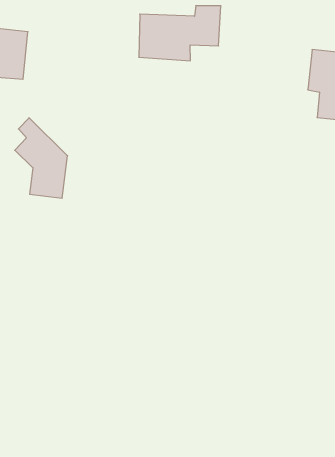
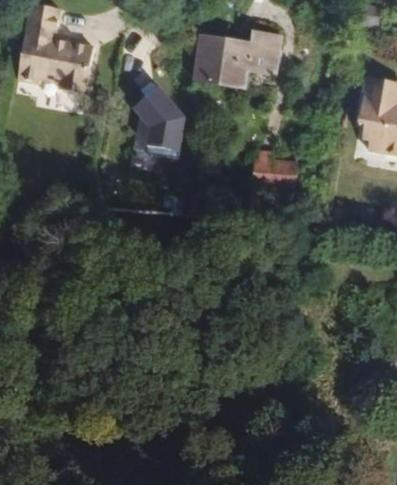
building: [15,118,68,198] -> [135,78,185,157]
building: none -> [253,158,296,186]

